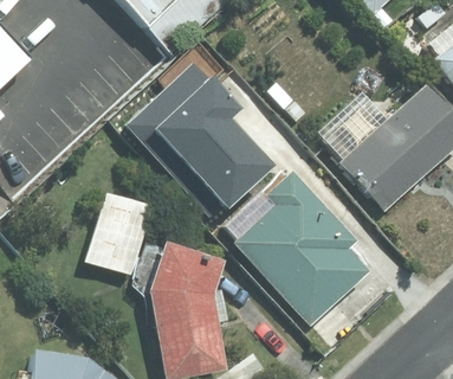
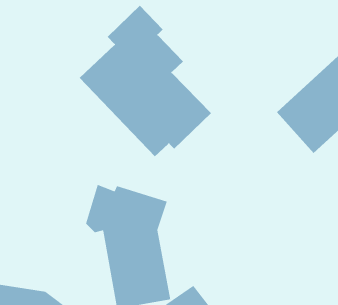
building: [232,172,368,317] -> none
building: [89,191,153,271] -> none

